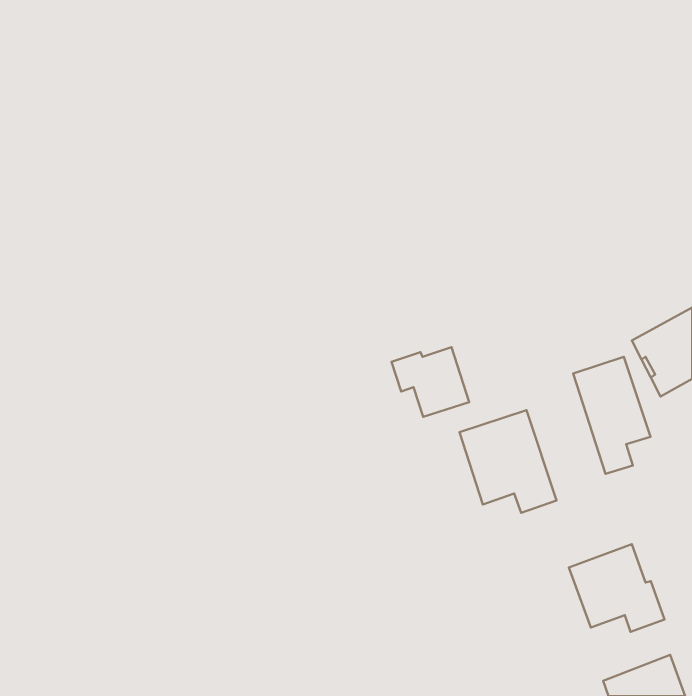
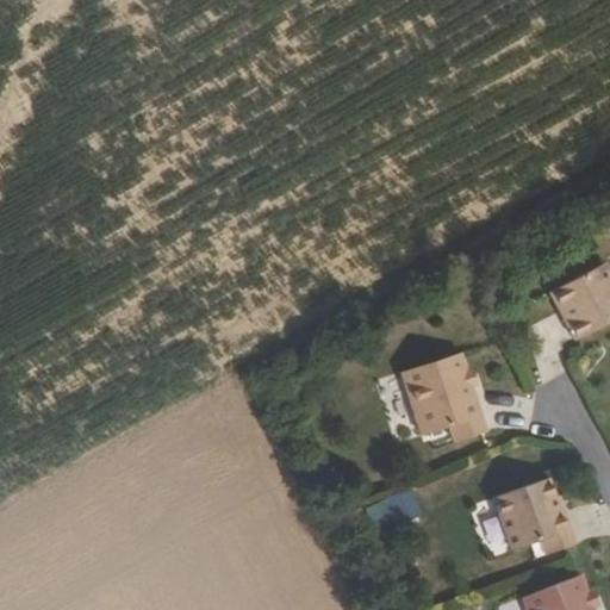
building: [391,347,469,417] -> none
building: [573,357,650,474] -> none

